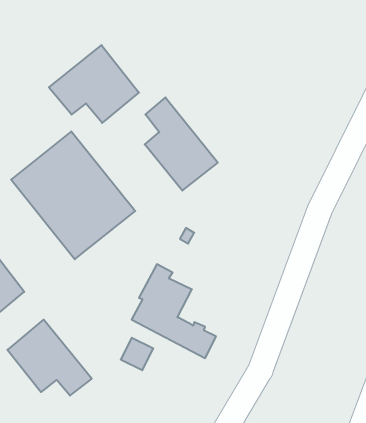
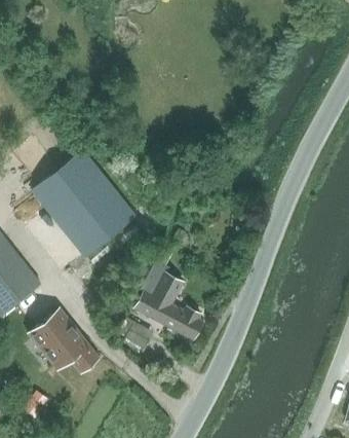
building: [49,45,139,123] -> none
building: [145,97,218,191] -> none

